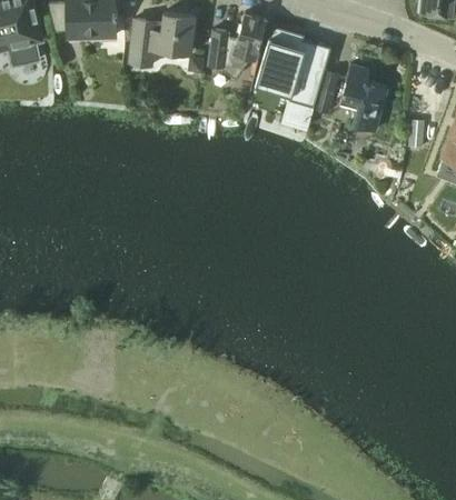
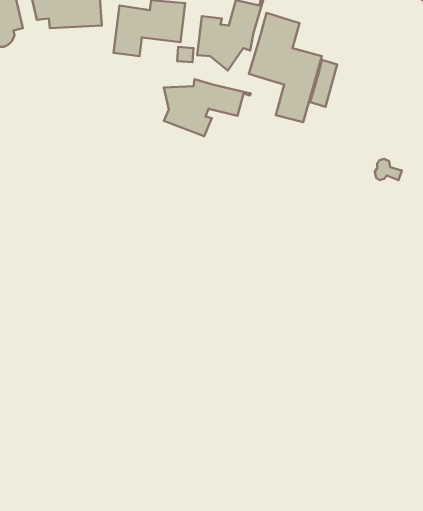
building: [340,63,388,131] -> none
building: none -> [164,79,251,136]

